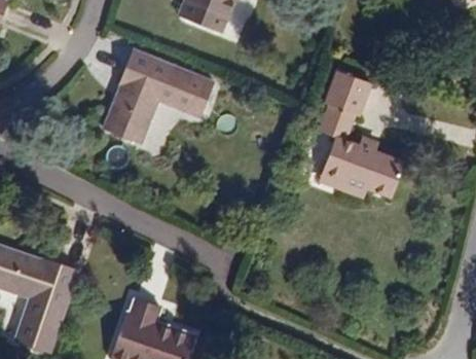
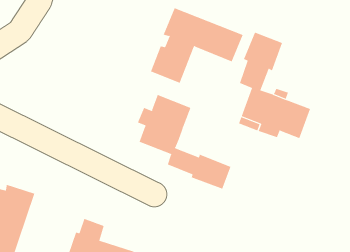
building: [102,50,214,142] -> [150,7,243,83]
building: none -> [137,94,231,190]

